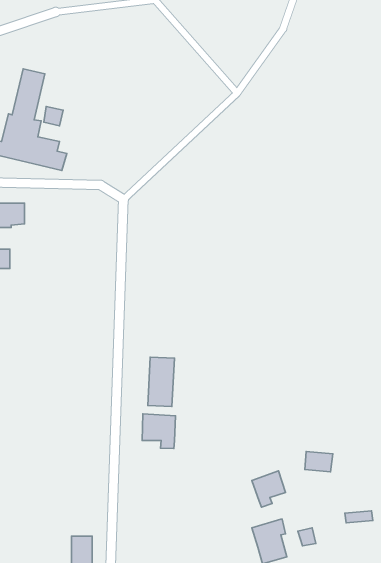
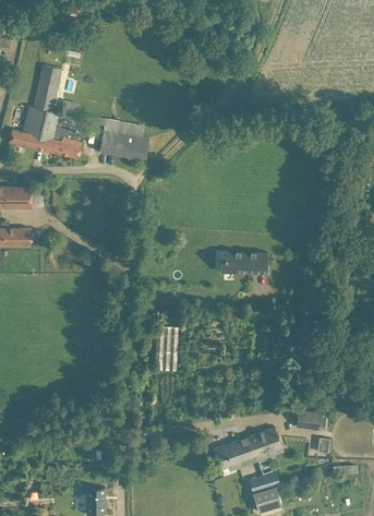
building: none -> [97,118,148,160]
building: none -> [219,250,267,273]
building: [142,414,176,448] -> none
building: none -> [214,437,257,469]

